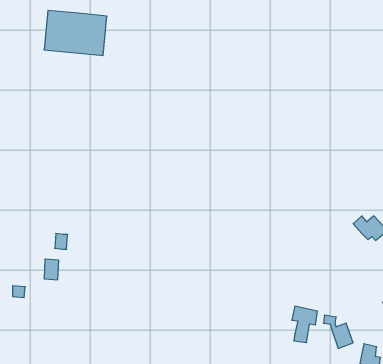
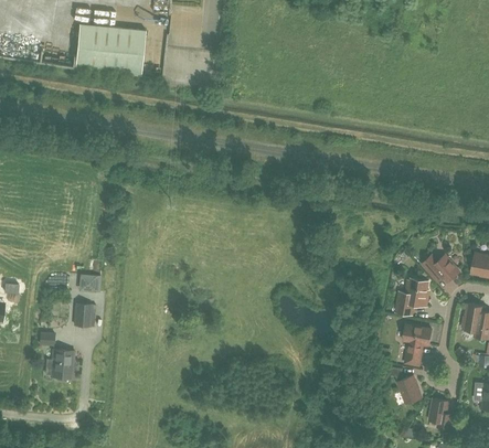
building: none -> [395,277,427,313]
building: none -> [50,349,73,381]
building: [292,306,317,343] -> [402,323,430,364]

